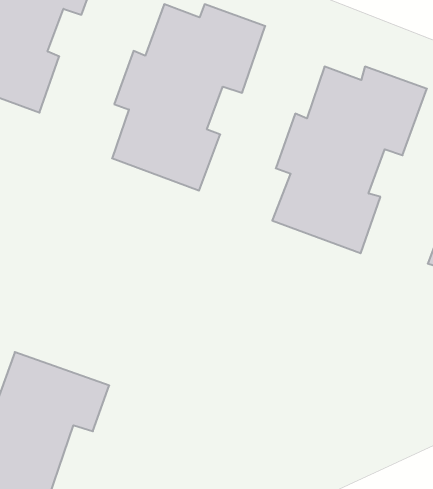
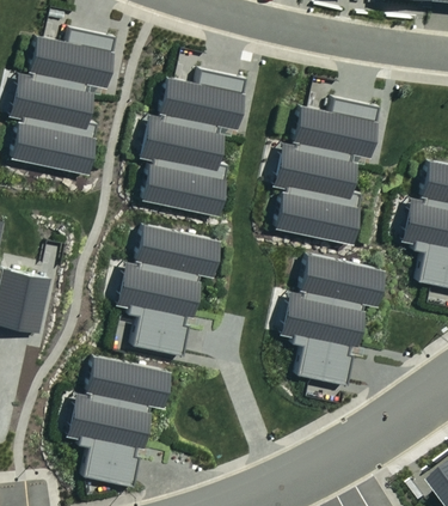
building: none -> [113,228,219,359]
building: none -> [278,255,383,385]

